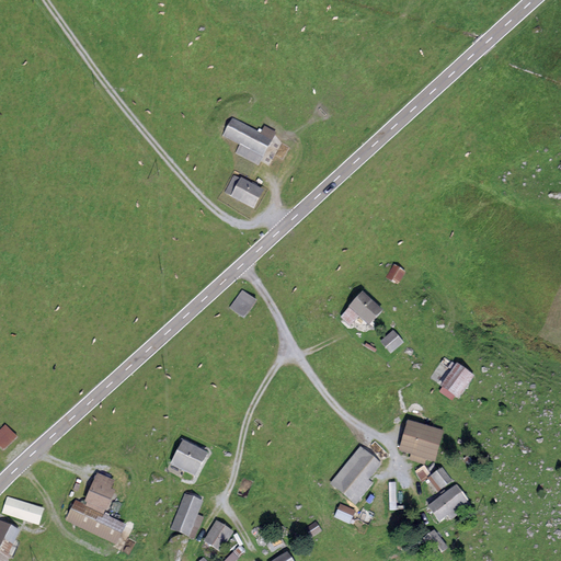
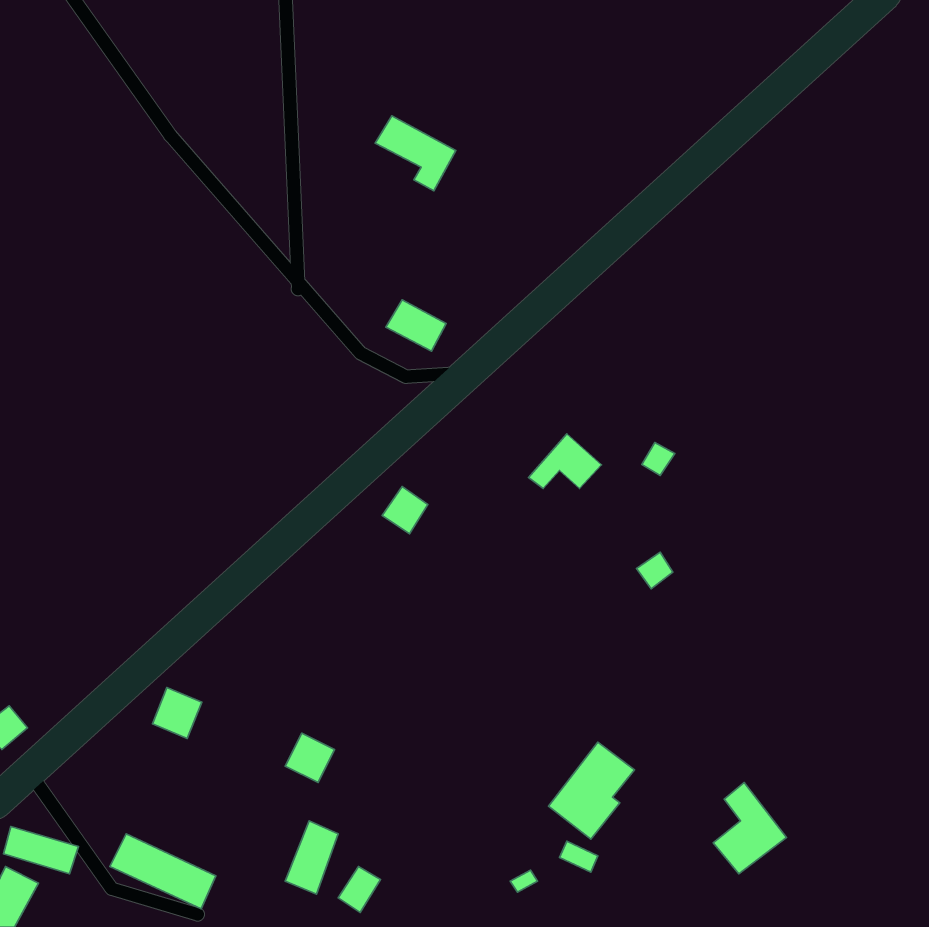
building: [224,119,272,164] -> [375,116,456,191]
building: [342,293,386,325] -> [528,434,602,489]
building: [444,364,474,396] -> none
building: [399,419,446,462] -> none
building: [83,474,113,505] -> [152,687,202,739]

